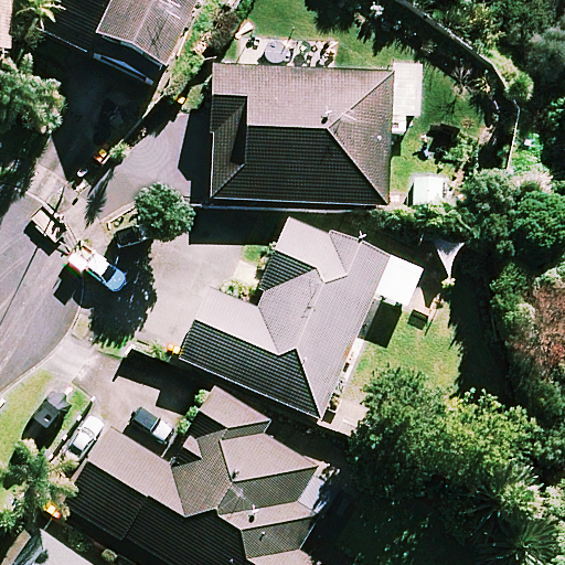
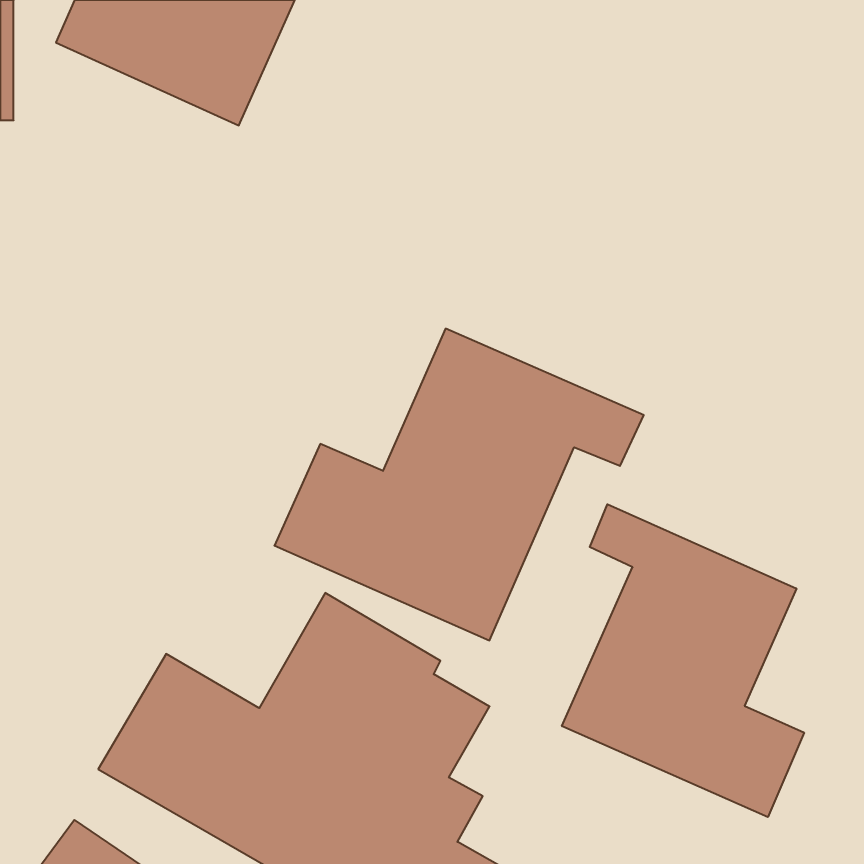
building: [211,66,420,204] -> none
building: none -> [562,504,804,817]

